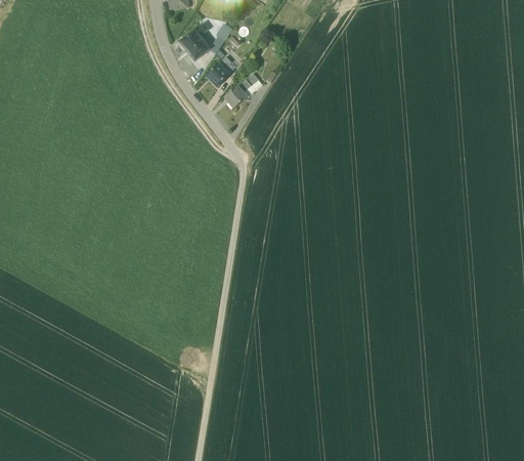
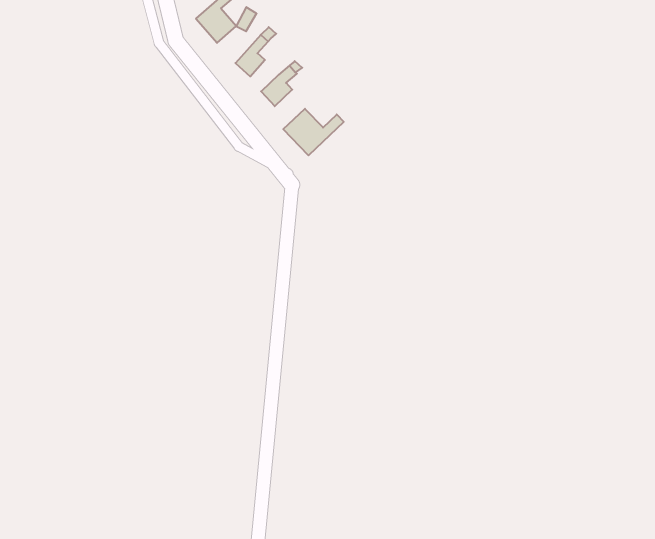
building: none -> [283,109,344,155]

